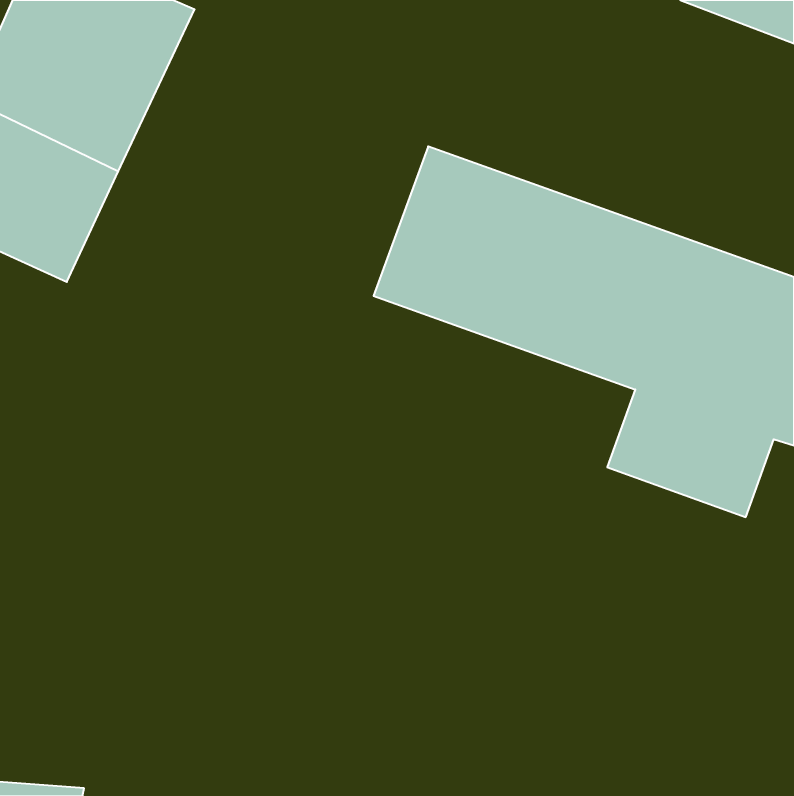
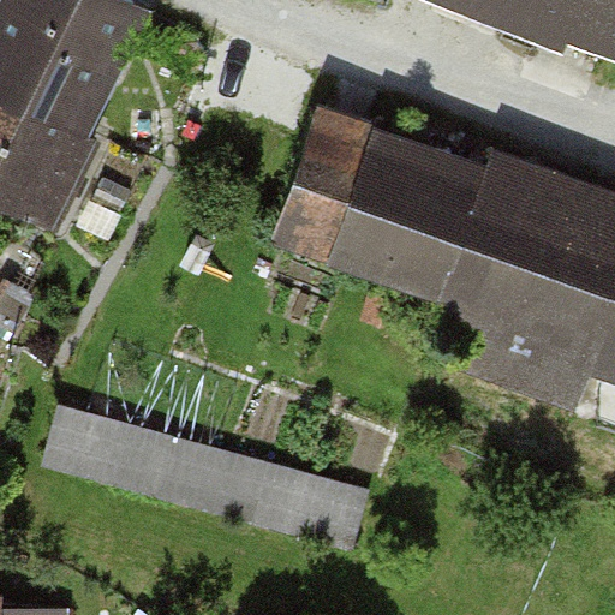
building: none -> [47,407,363,538]

